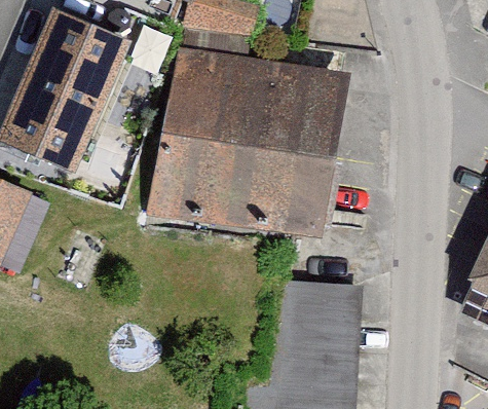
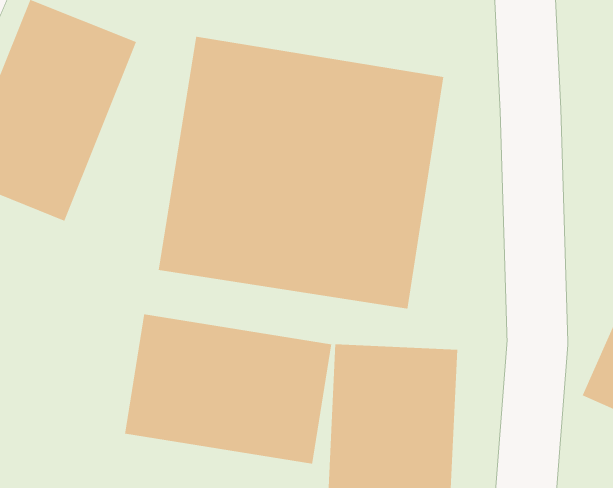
building: none -> [124,314,332,464]

